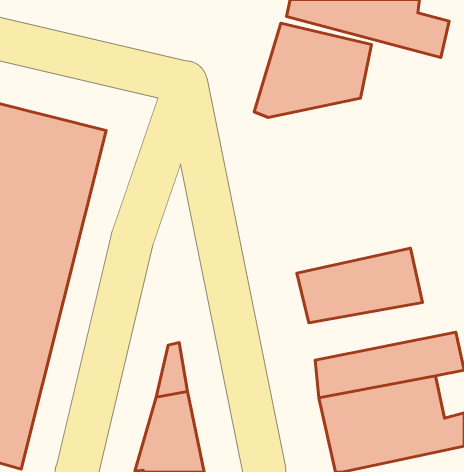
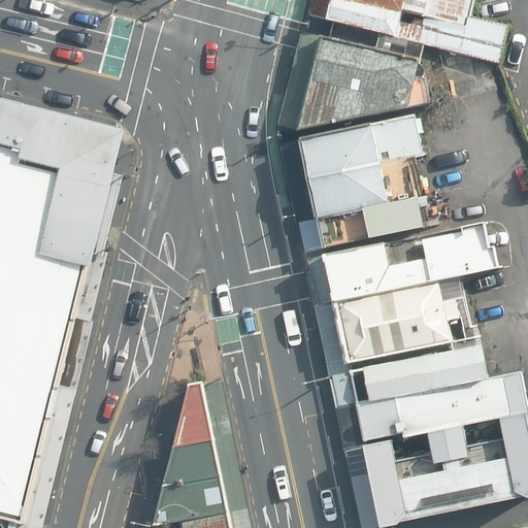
building: none -> [298,110,426,244]
building: none -> [320,221,499,304]
building: none -> [348,342,485,397]

